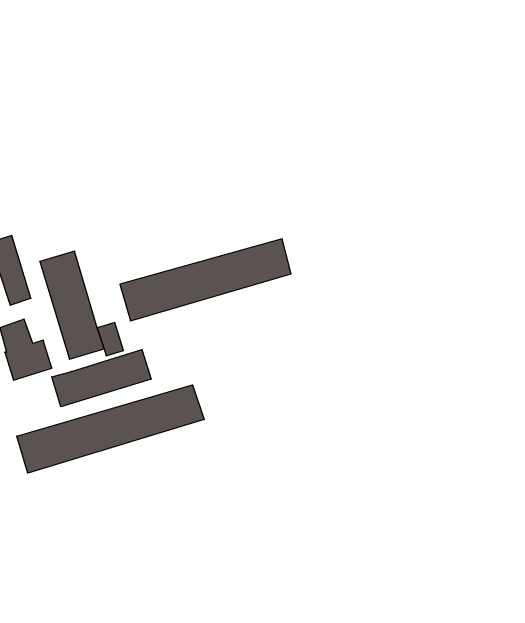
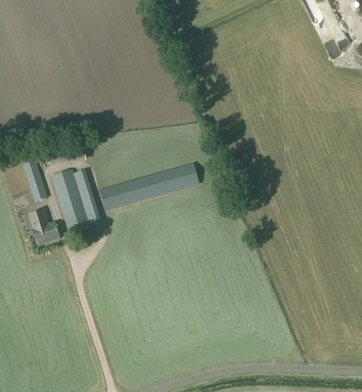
building: [52,349,151,407] -> none
building: [17,385,204,473] -> none

